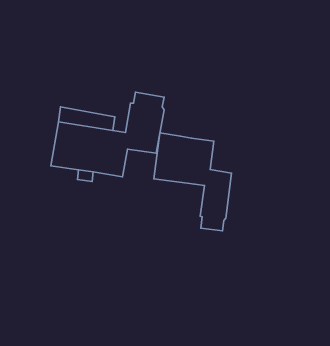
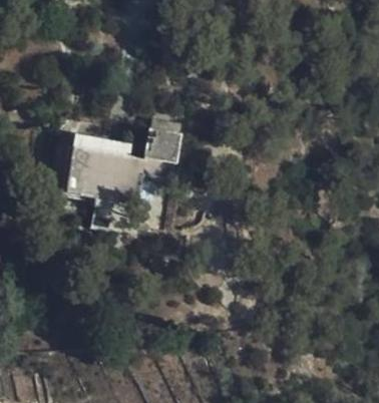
building: [154,133,232,231] -> none

